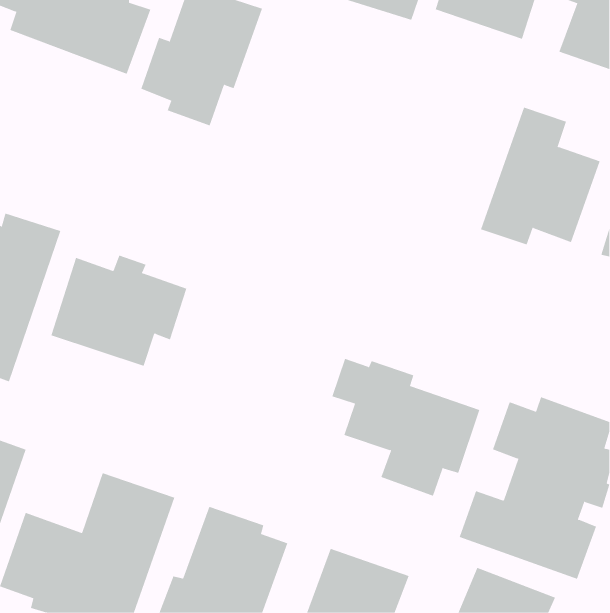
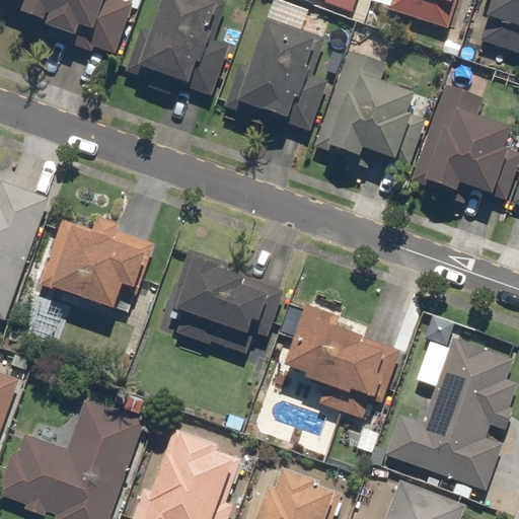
building: none -> [216,21,319,138]
building: none -> [307,54,411,169]
building: none -> [167,249,288,361]

